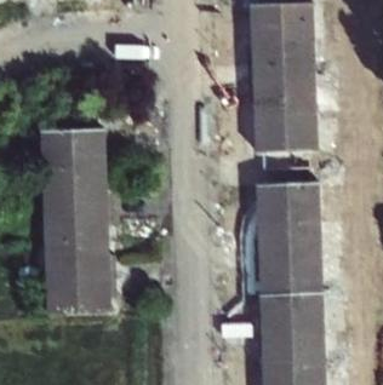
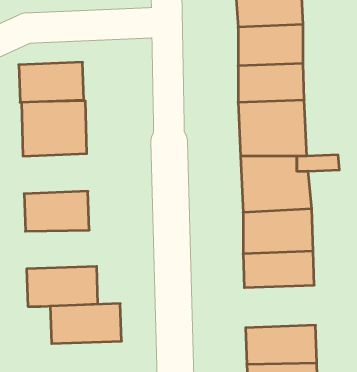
building: [42,166,105,205] -> [19,62,84,102]
building: [45,239,114,277] -> [50,304,122,344]
building: [257,293,326,334] -> none

